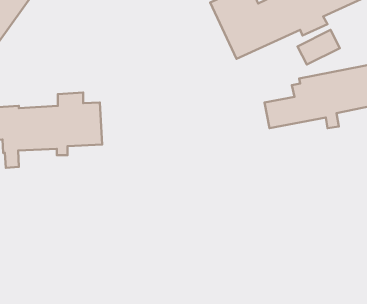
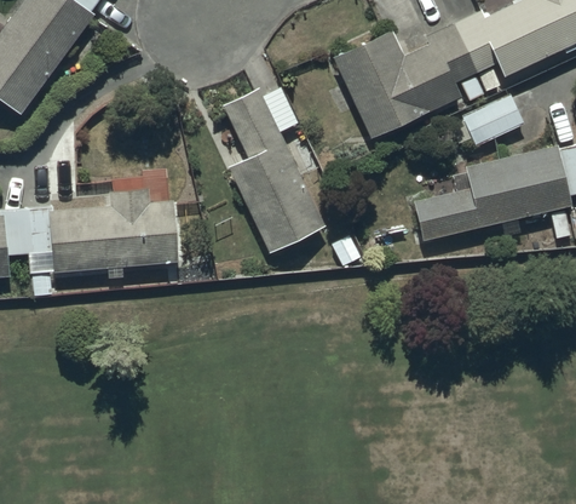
building: none -> [224,81,324,251]

